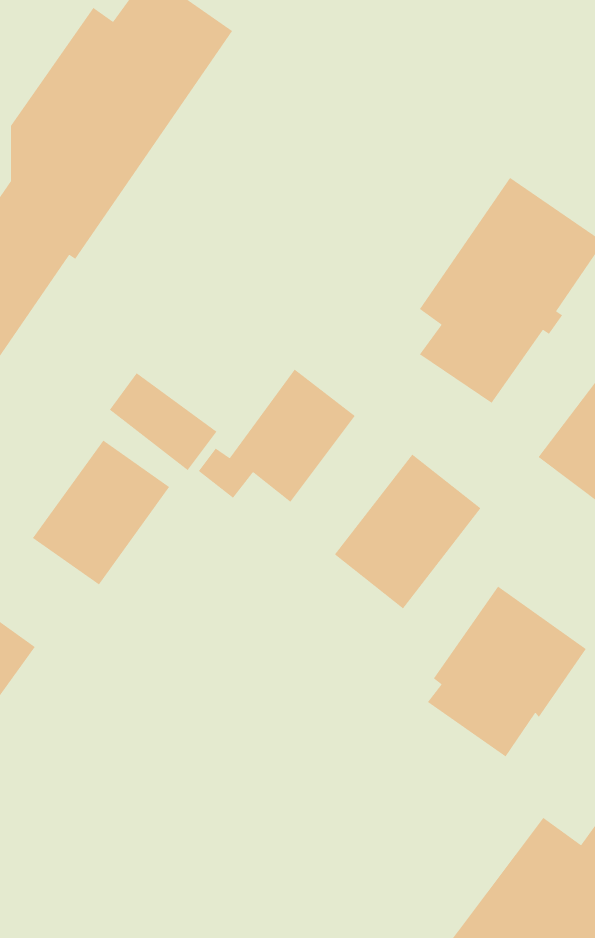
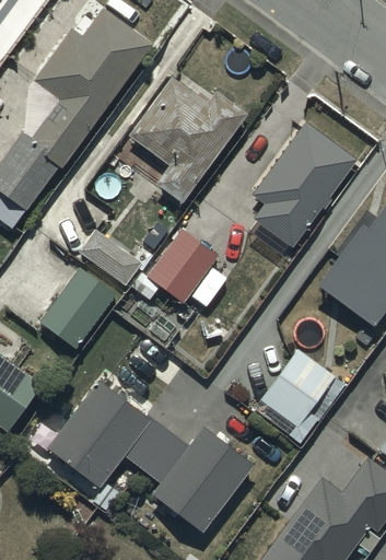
building: none -> [128,77,245,203]
building: [334,453,482,609] -> none
building: none -> [48,380,254,533]

